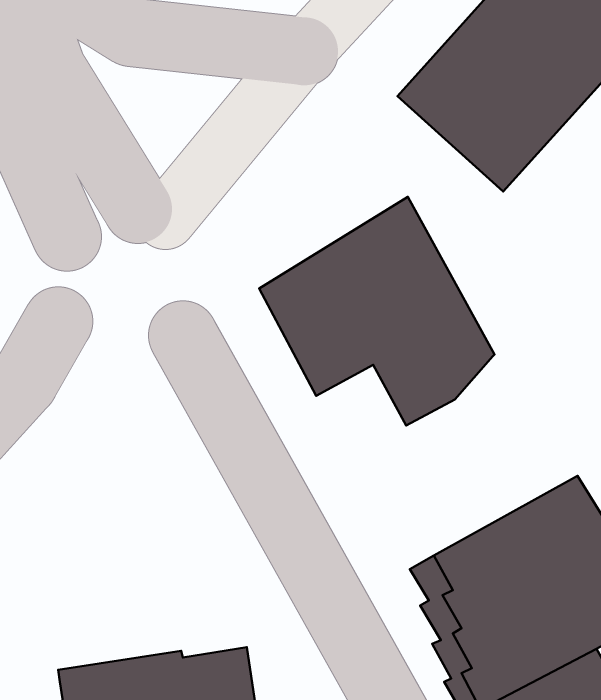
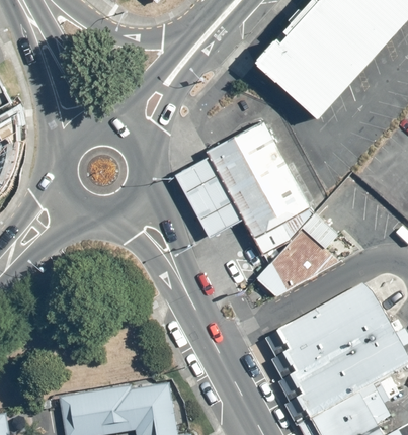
building: none -> [256,212,340,295]

